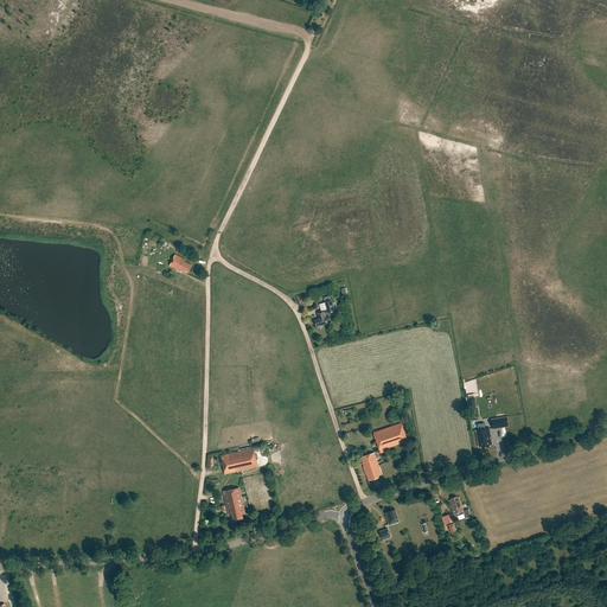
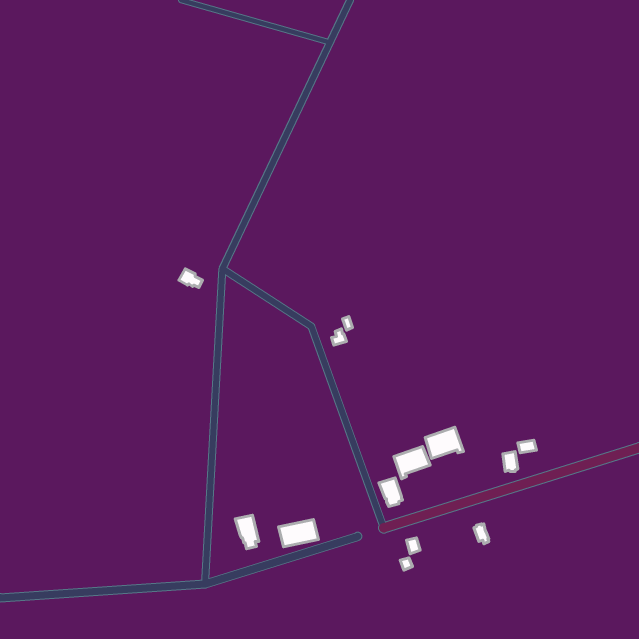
building: none -> [425,427,464,459]
building: [221,448,258,474] -> [278,519,318,547]

